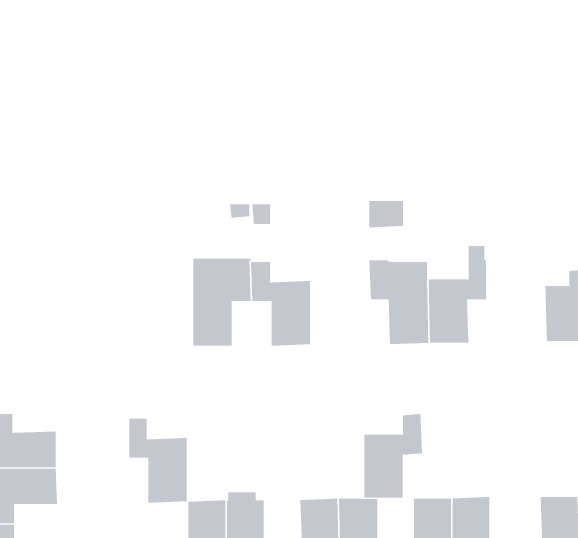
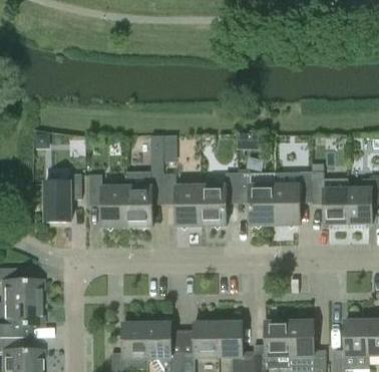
building: none -> [311,163,348,225]
building: none -> [44,174,81,222]
building: [364,413,423,498] -> [201,172,238,226]
building: [128,418,188,503] -> [89,174,126,228]

